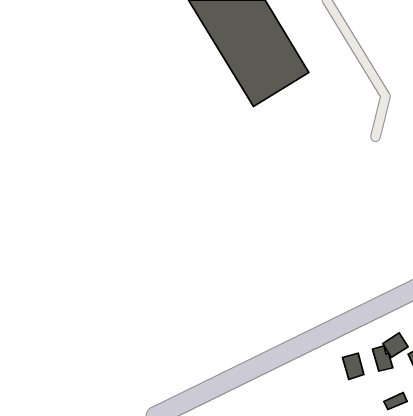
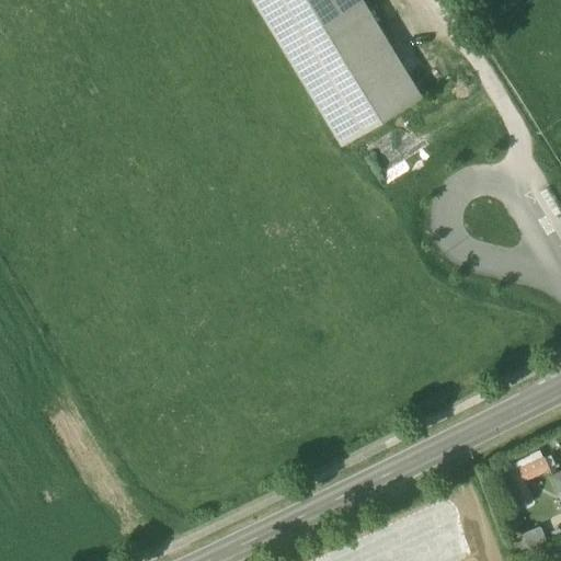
building: [343,353,364,379] -> none

